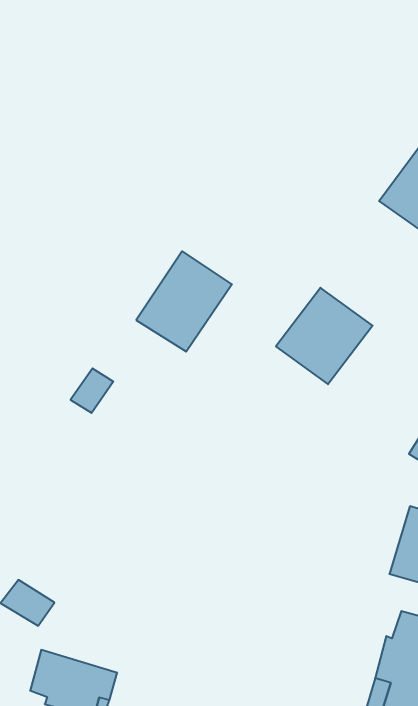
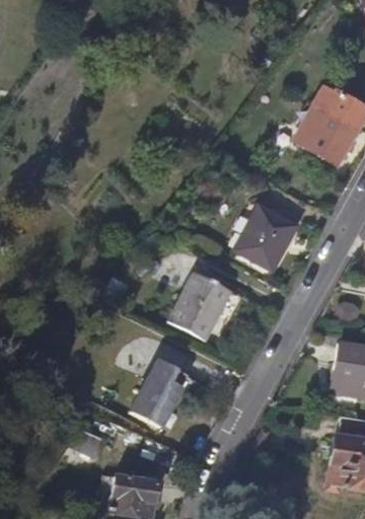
building: [136,251,232,352] -> [168,271,230,339]
building: none -> [132,358,188,426]

